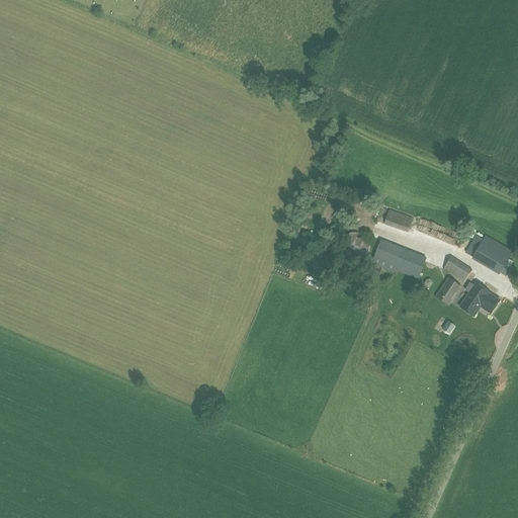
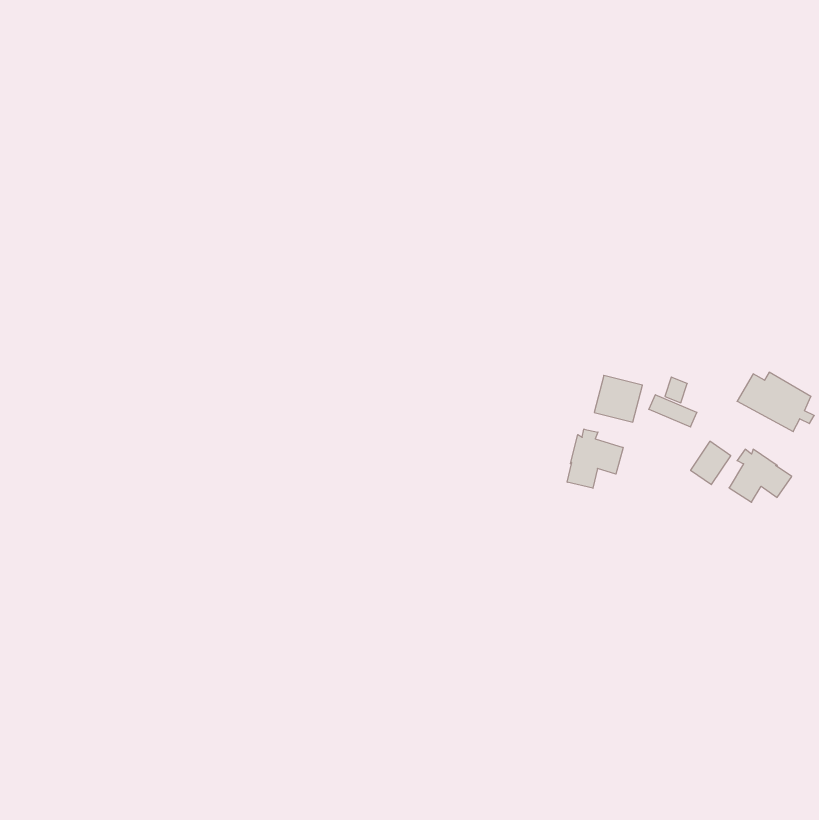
building: [383,209,412,233] -> none
building: [442,256,471,282] -> none
building: none -> [567,429,623,488]

